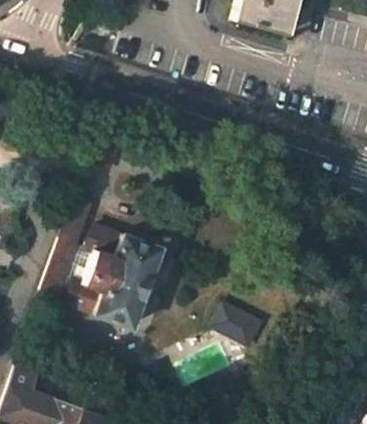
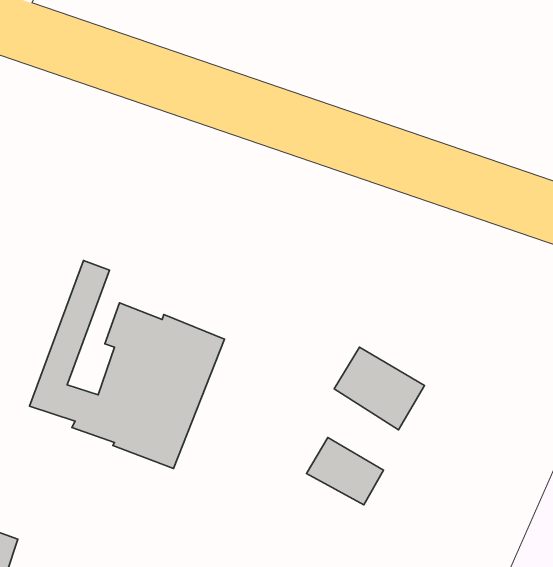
building: none -> [334,347,424,430]

